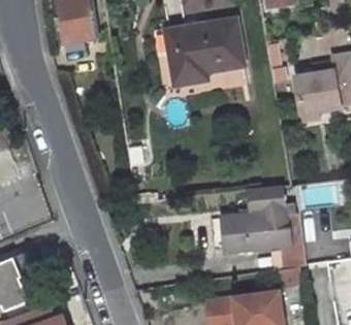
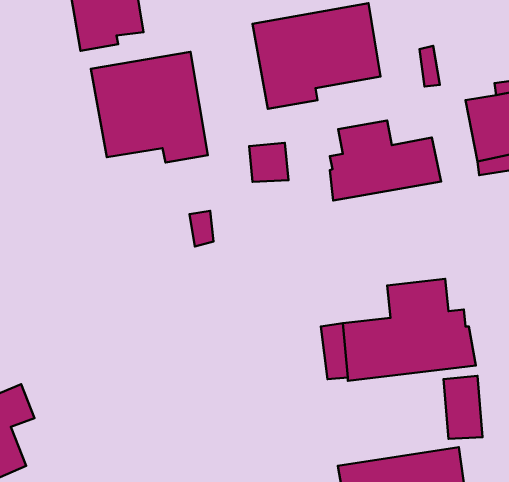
building: none -> [91,52,208,162]
building: none -> [330,121,441,201]

